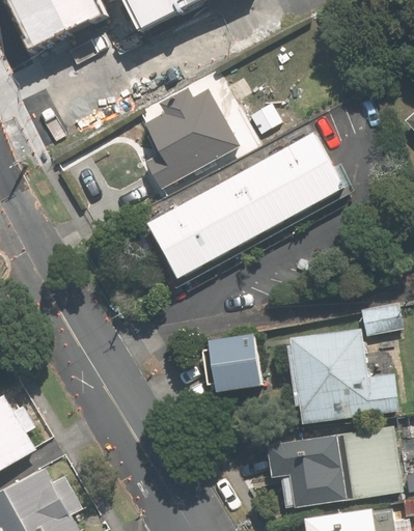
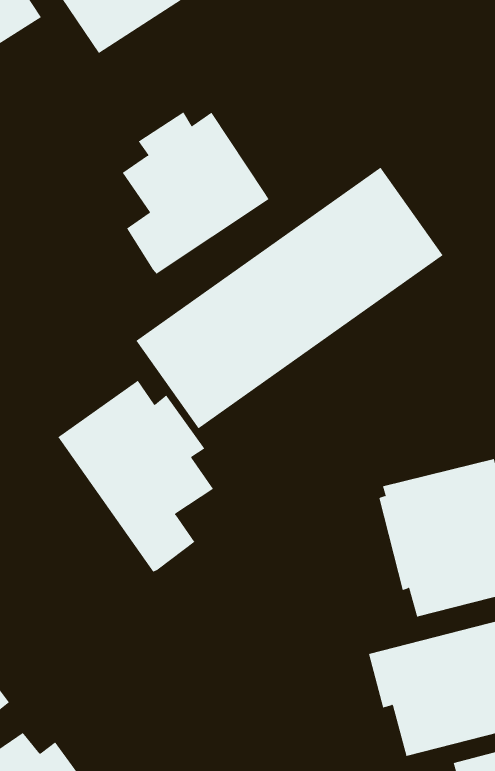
building: none -> [57,380,214,573]
building: [209,333,260,391] -> none

